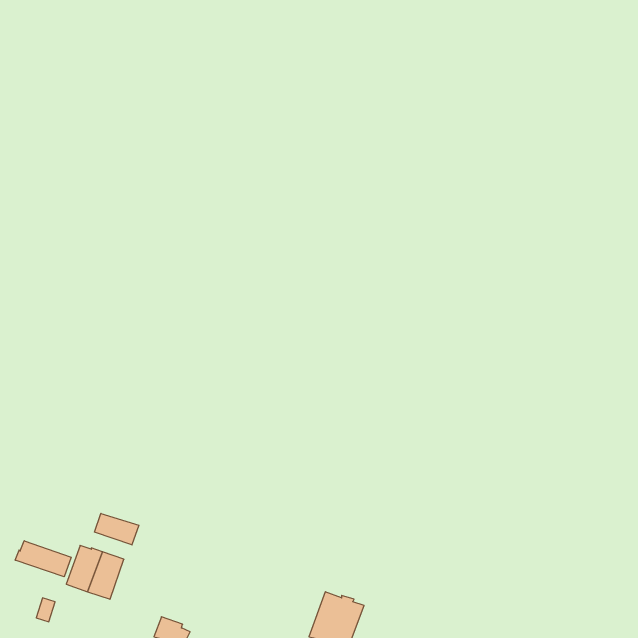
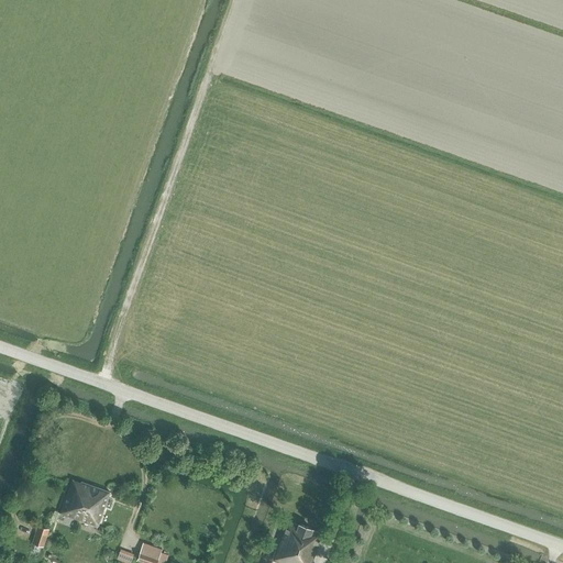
building: [95,513,139,545] -> none
building: [15,541,71,577] -> none

